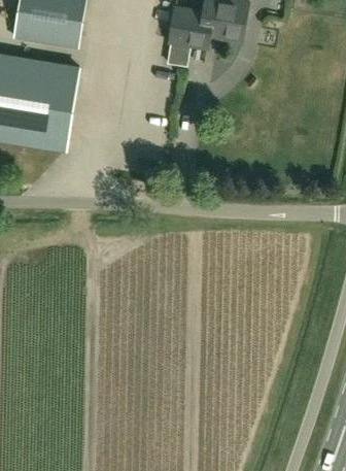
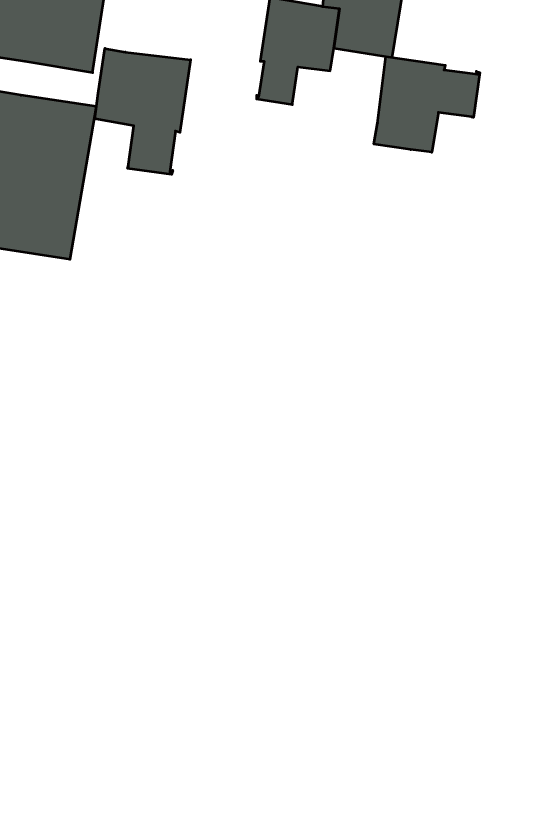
building: none -> [95,48,191,174]
building: none -> [374,57,480,152]

